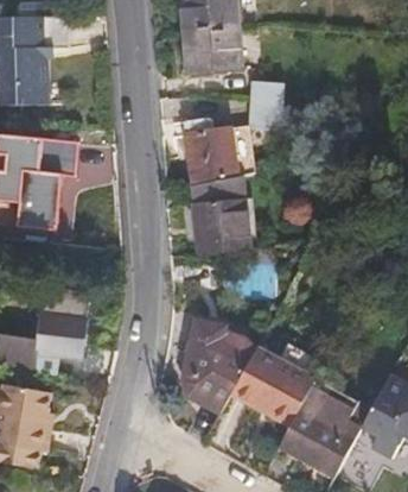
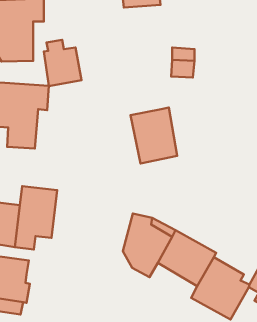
building: [181,26,237,72] -> none
building: [181,118,235,183] -> [44,40,81,86]

